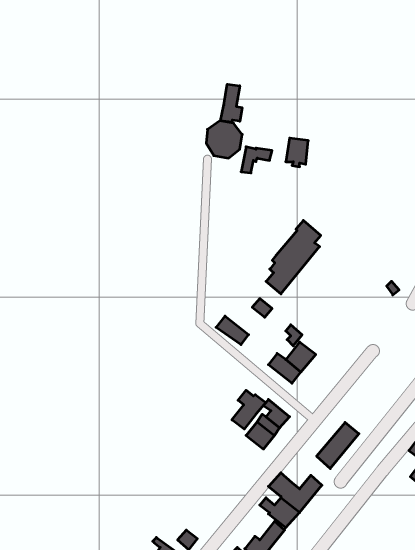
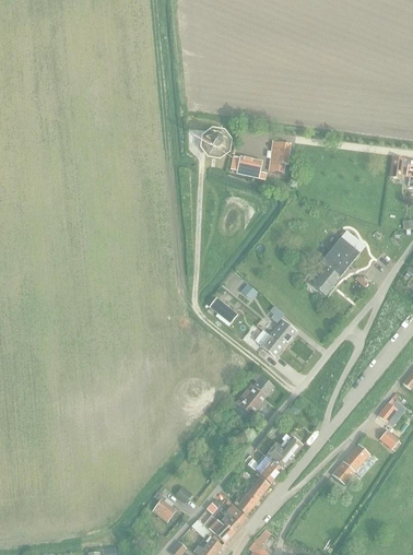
building: [221,84,242,122] -> none
building: [266,220,321,294] -> [311,231,359,295]
building: [232,390,266,429] -> none
building: [317,422,359,469] -> [331,444,368,484]

